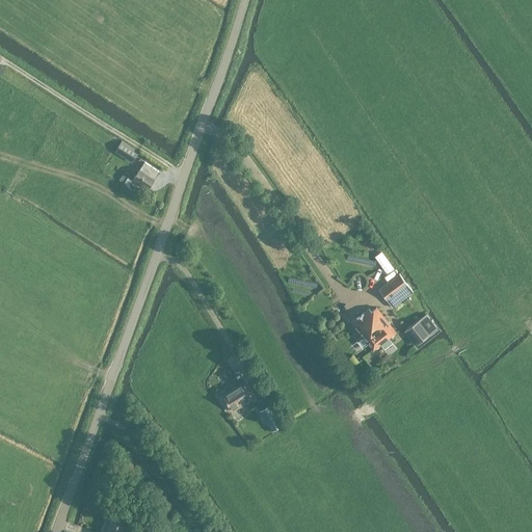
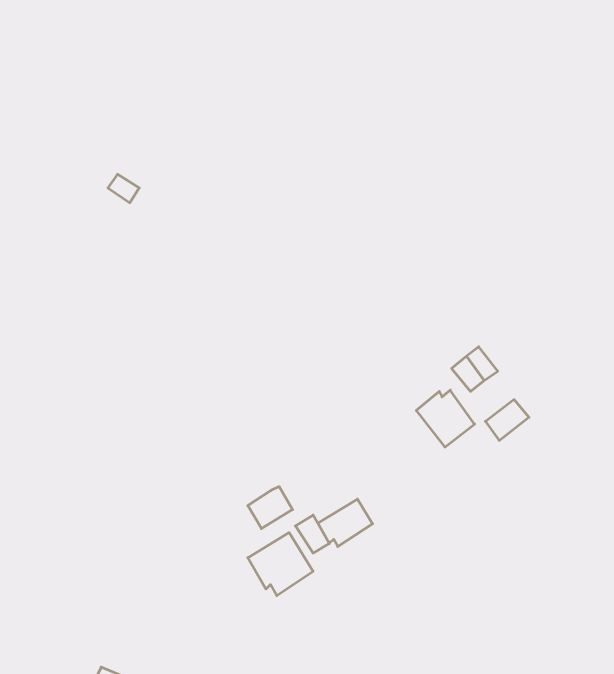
building: [122,162,157,190] -> none
building: none -> [318,499,373,547]
building: none -> [248,533,313,596]

